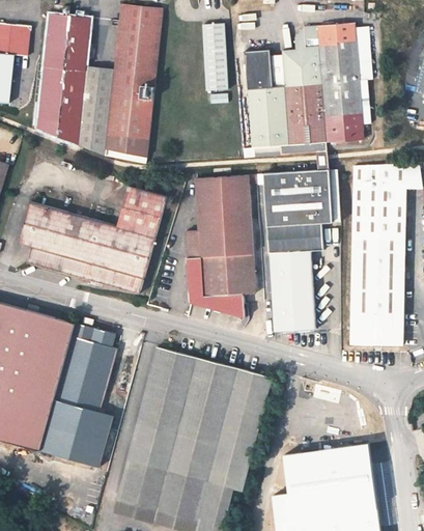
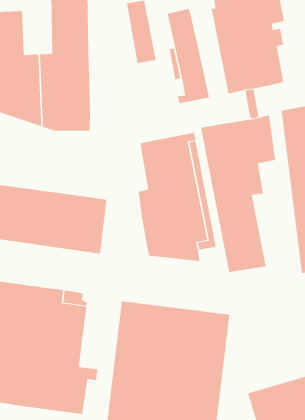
building: [270,46,298,141] -> none
building: [116,187,164,236] -> none

